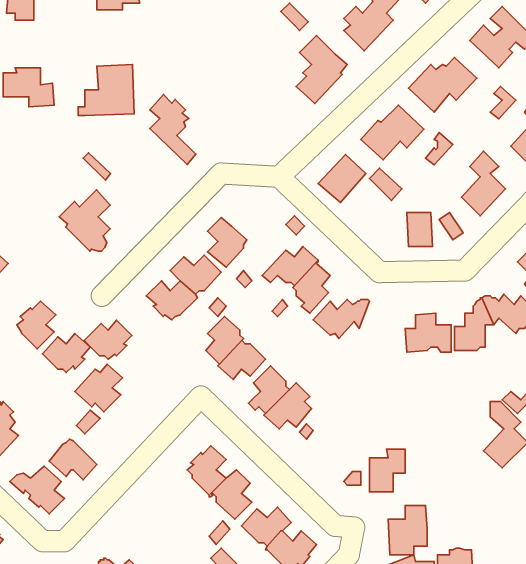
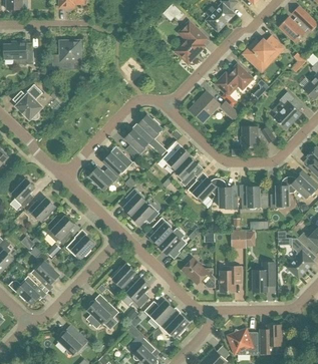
building: [150,95,196,164] -> [138,114,166,155]
building: [59,190,110,251] -> [12,83,42,119]
building: none -> [214,178,238,209]
building: [84,320,132,359] -> [66,235,94,258]
building: none -> [231,230,255,248]
building: none -> [182,258,213,283]
building: [388,505,427,555] -> [252,262,275,291]
building: none -> [86,300,118,329]

